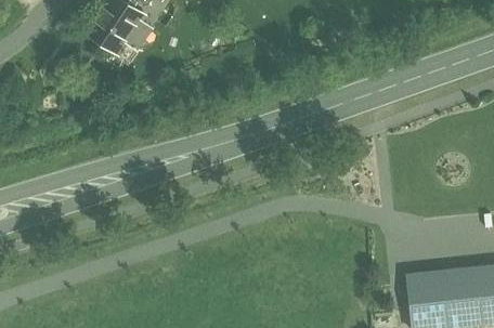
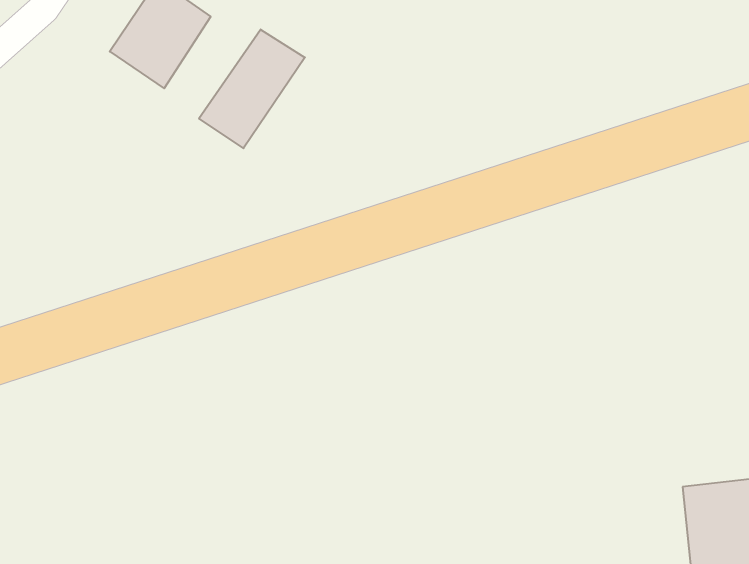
building: none -> [199,29,305,148]

